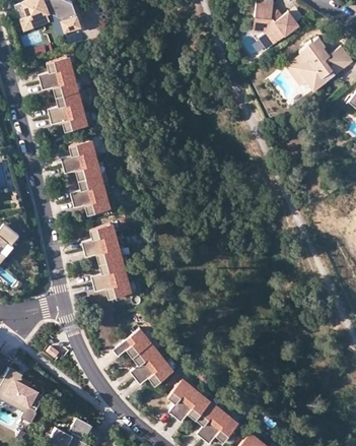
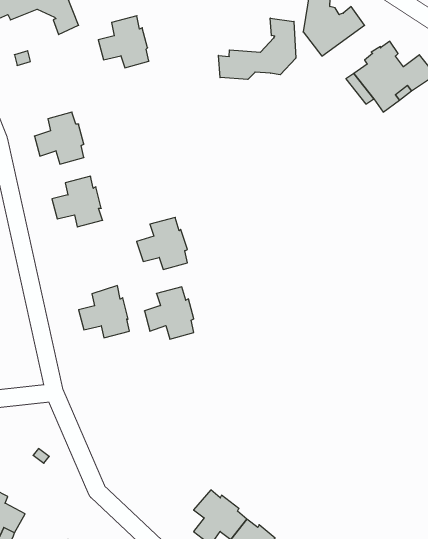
building: none -> [218,18,296,79]
building: [39,57,77,97] -> [98,16,149,68]
building: [71,174,110,213] -> [137,217,187,269]
building: [92,258,130,298] -> [144,287,194,339]
building: [113,328,171,384] -> none

